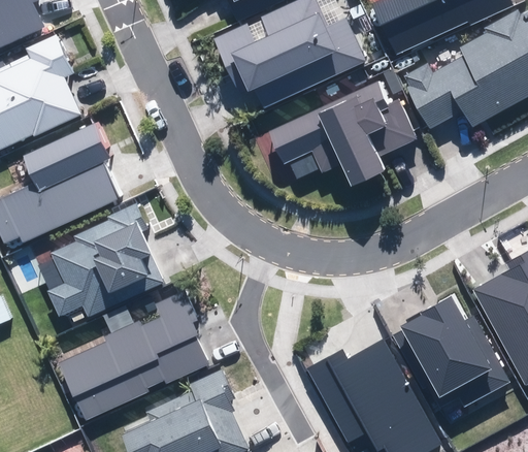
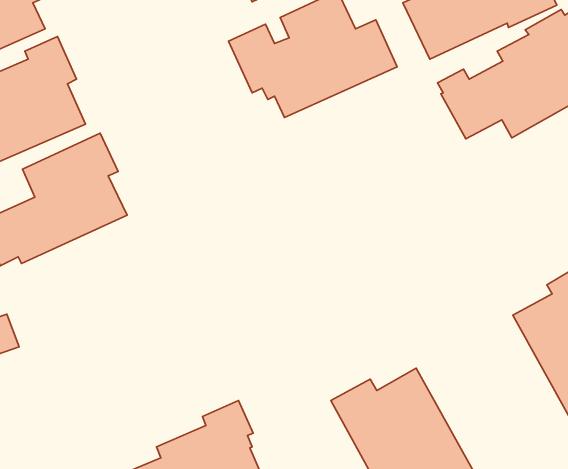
building: [268,83,416,187] -> none
building: [38,203,163,317] -> none
building: [58,289,208,421] -> none
building: [394,295,510,408] -> none

